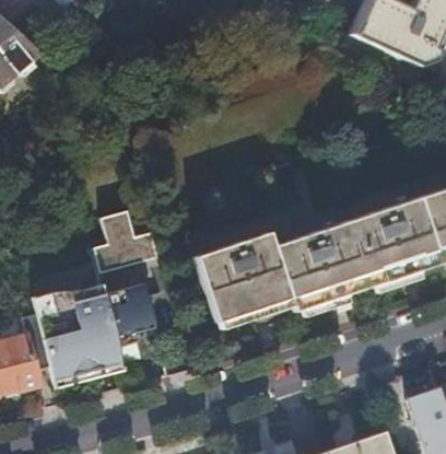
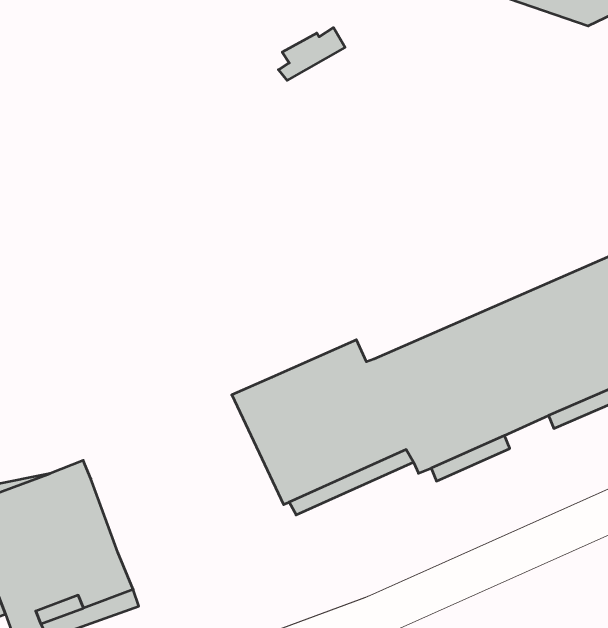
building: [95,209,160,271] -> none
building: [107,284,156,333] -> none

